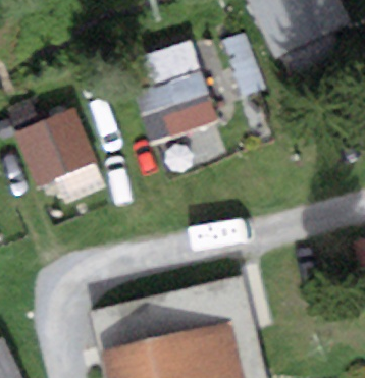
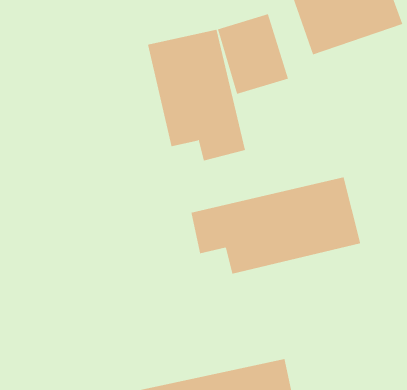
building: [10,108,94,188] -> none
building: none -> [191,176,361,275]

